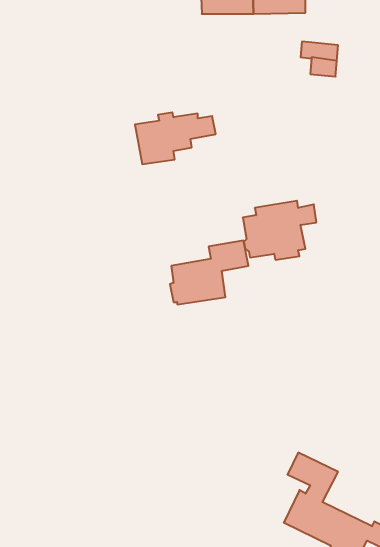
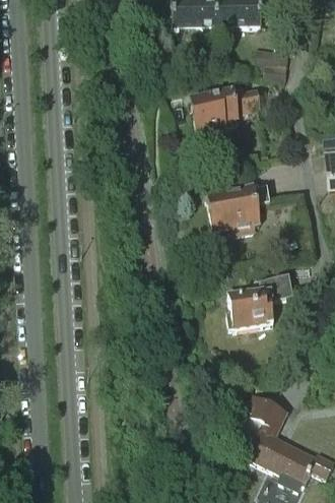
building: [135,112,216,164] -> [191,89,259,133]
building: [170,241,248,304] -> [226,274,292,328]

